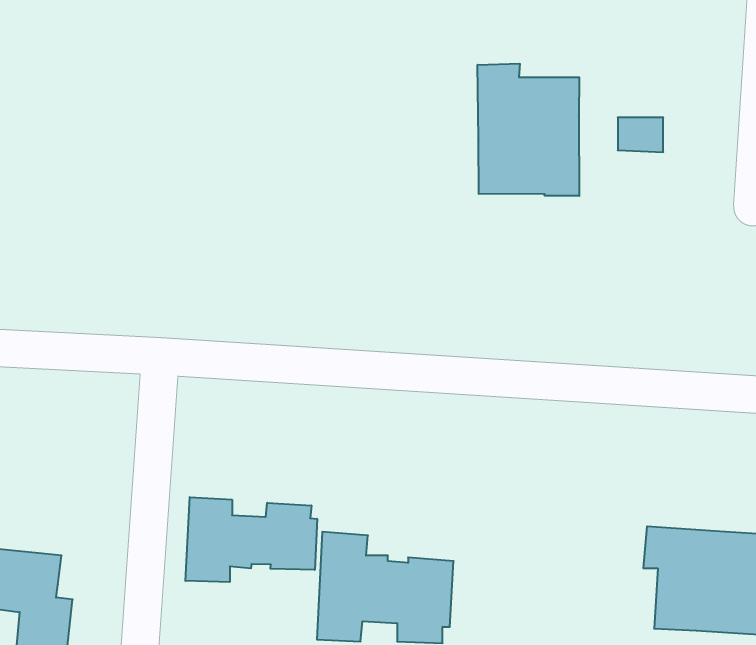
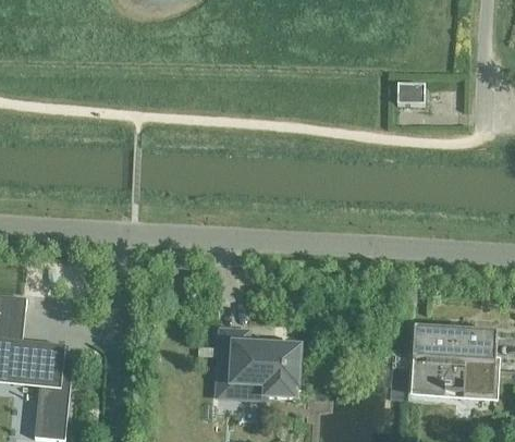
building: [478,64,579,196] -> none
building: [185,497,317,582] -> none

